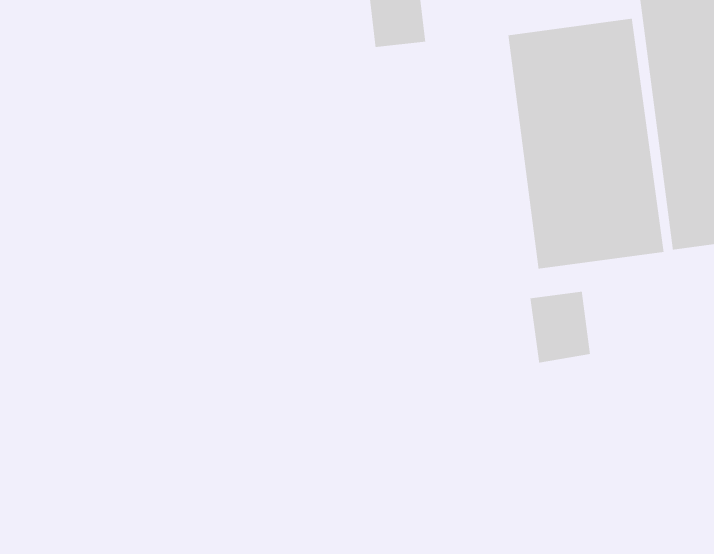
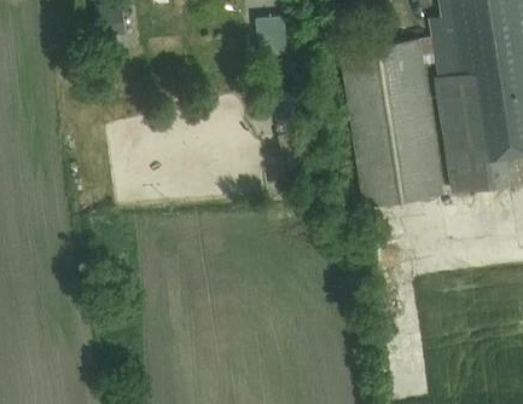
building: [530,291,591,364] -> none

